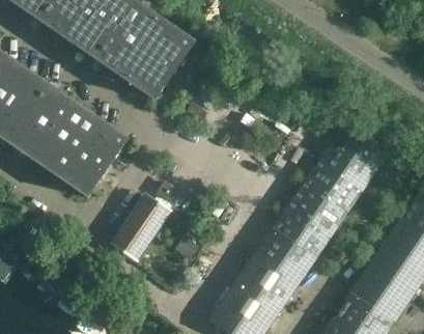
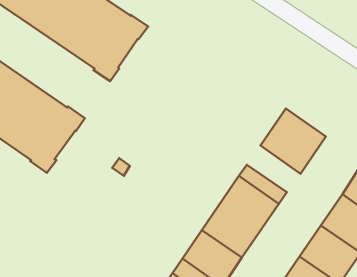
building: [300,168,357,218] -> none
building: [112,196,169,259] -> none

